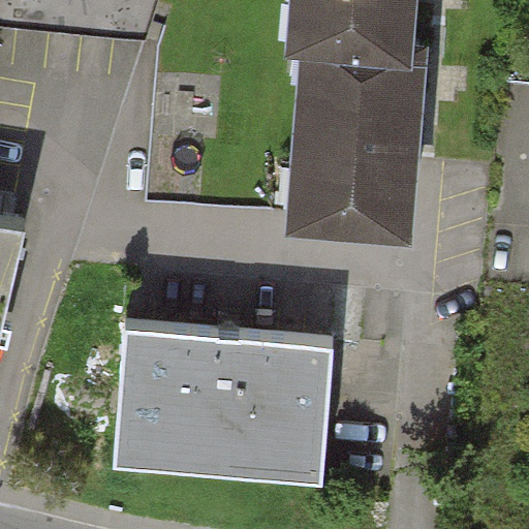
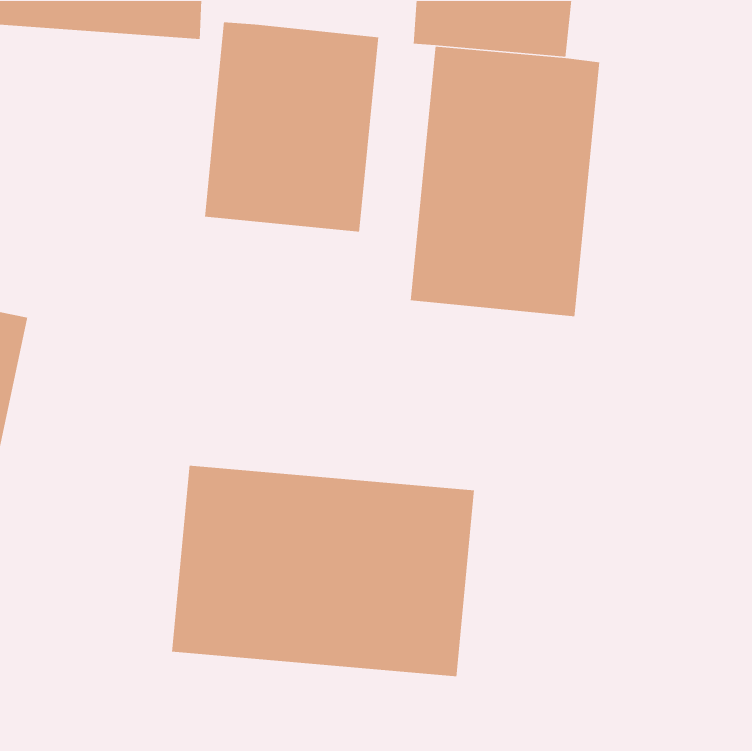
building: none -> [204,22,379,232]

